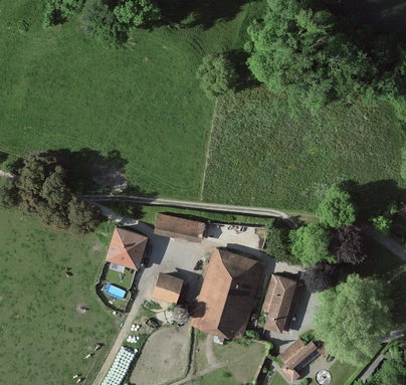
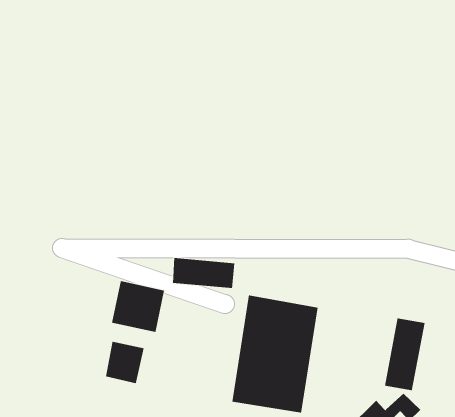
building: [149,271,181,306] -> [105,341,145,384]
building: [263,277,299,334] -> [384,318,425,391]

